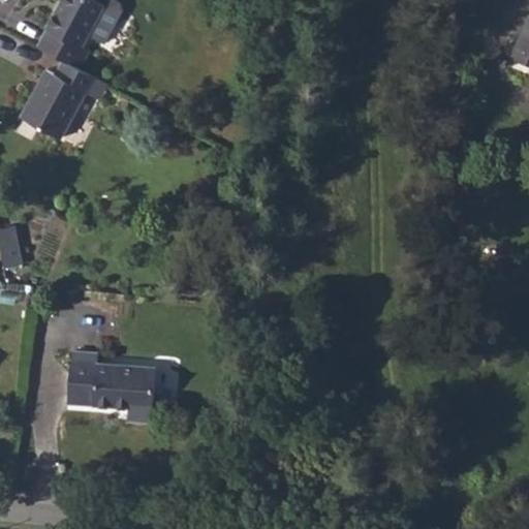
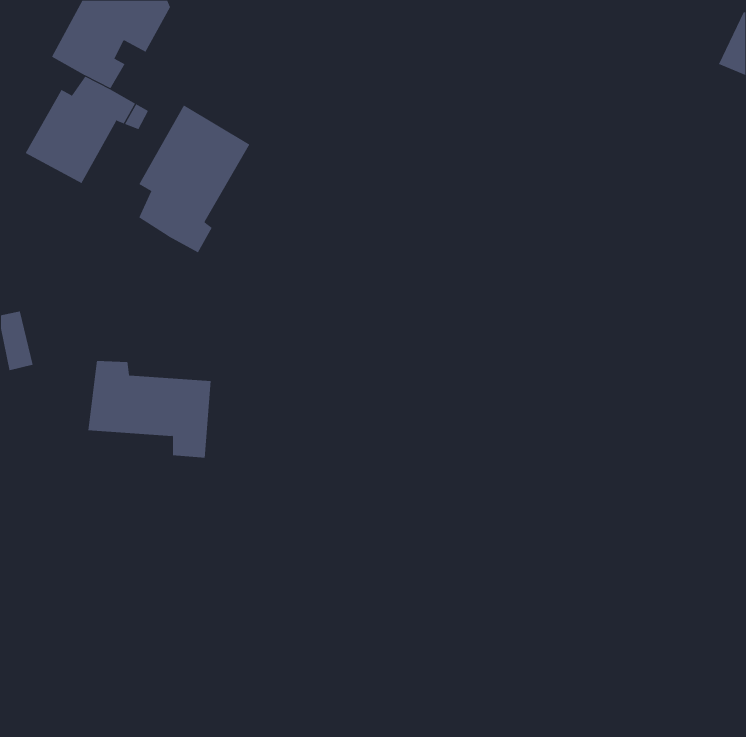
building: none -> [138,104,250,253]
building: [71,354,159,424] -> [87,361,211,458]

